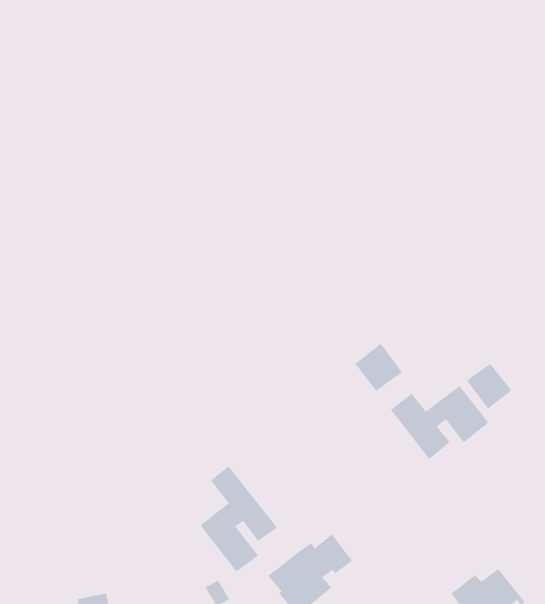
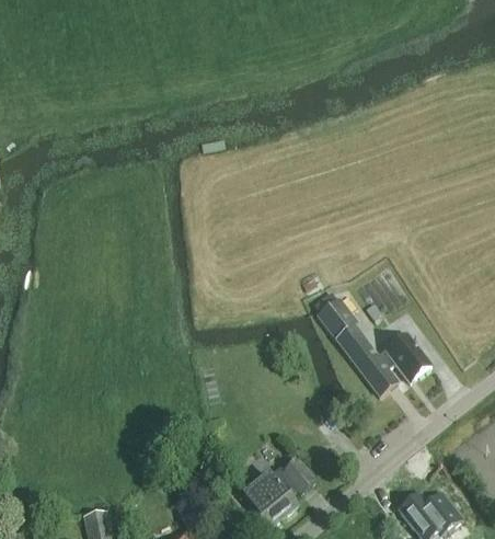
building: [466,363,512,410] -> none
building: [200,466,278,572] -> none

